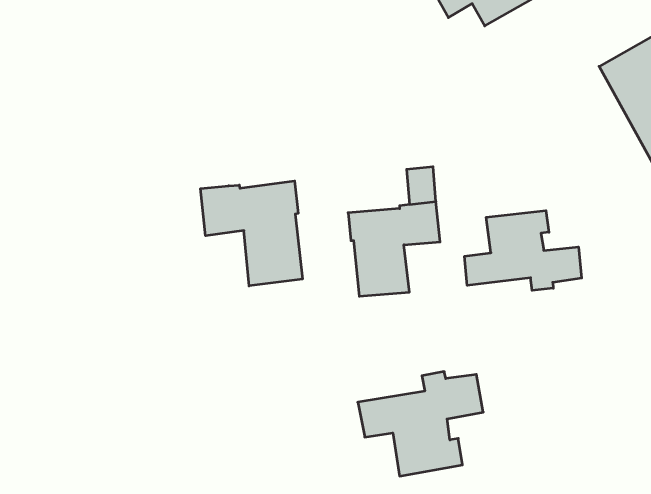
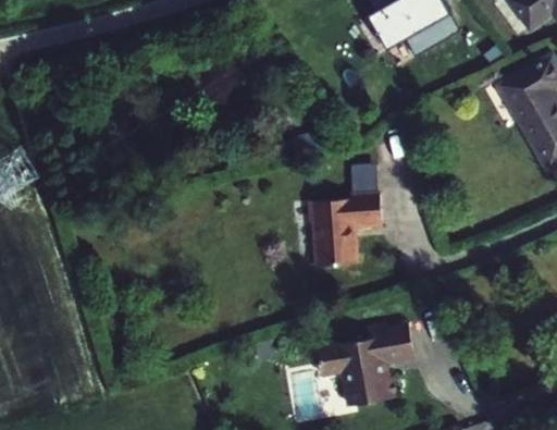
building: [201,181,302,286] -> none
building: [465,211,582,290] -> none

